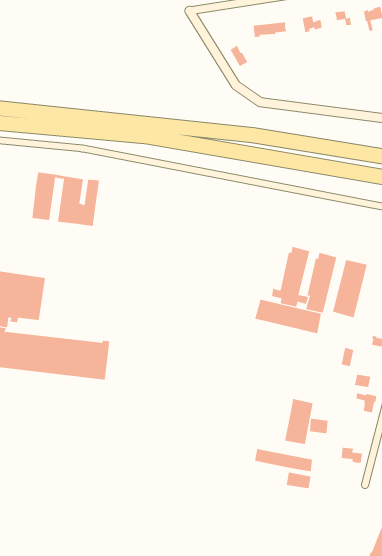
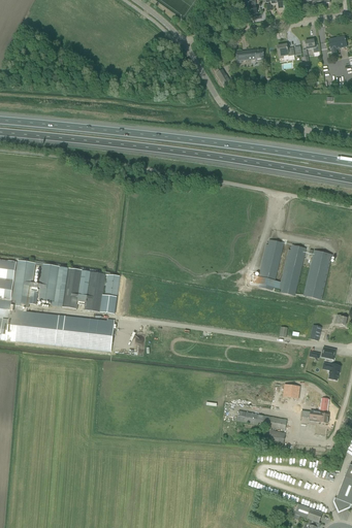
building: [31,172,100,227] -> [62,267,120,314]
building: [255,299,322,334] -> none
building: [285,398,313,445] -> none

